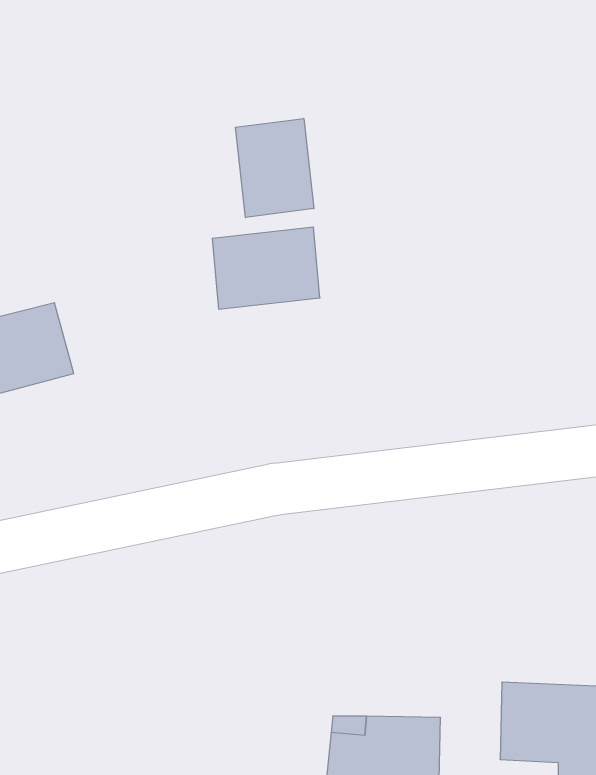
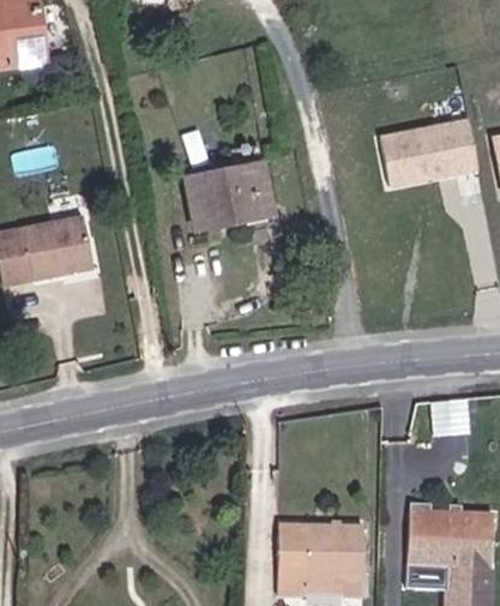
building: [235,118,314,218] -> none
building: none -> [366,131,464,198]

